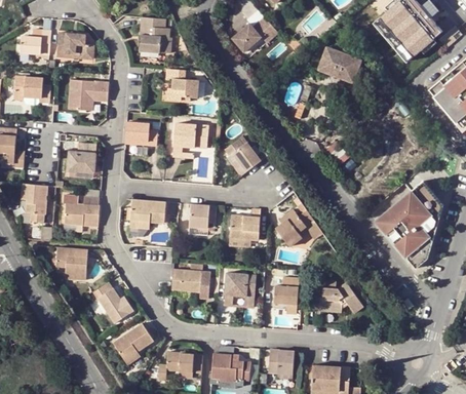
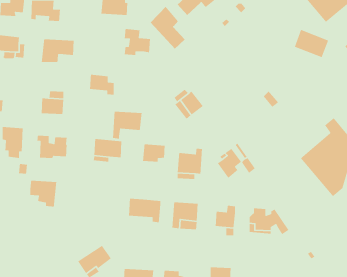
building: none -> [150,6,186,49]
building: [318,47,360,82] -> [294,29,329,58]
building: [174,126,210,160] -> [112,111,142,140]
building: [92,281,133,324] -> none

